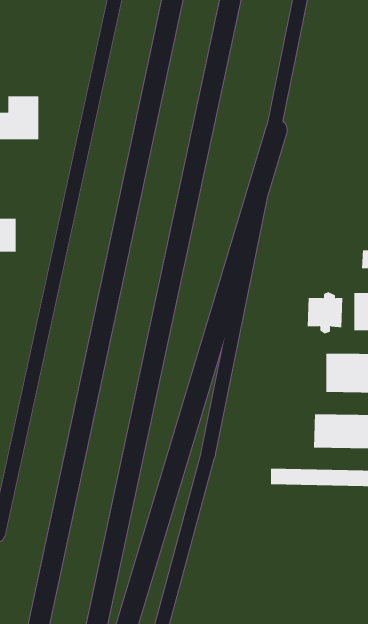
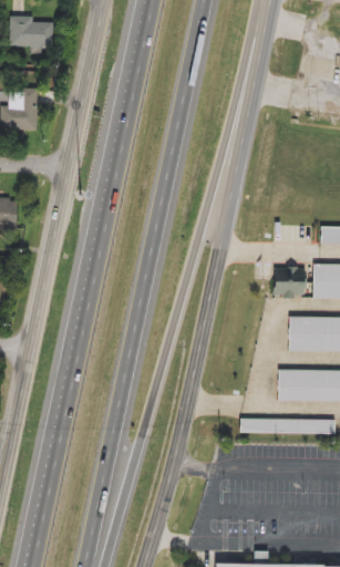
building: none -> [11,16,54,47]

